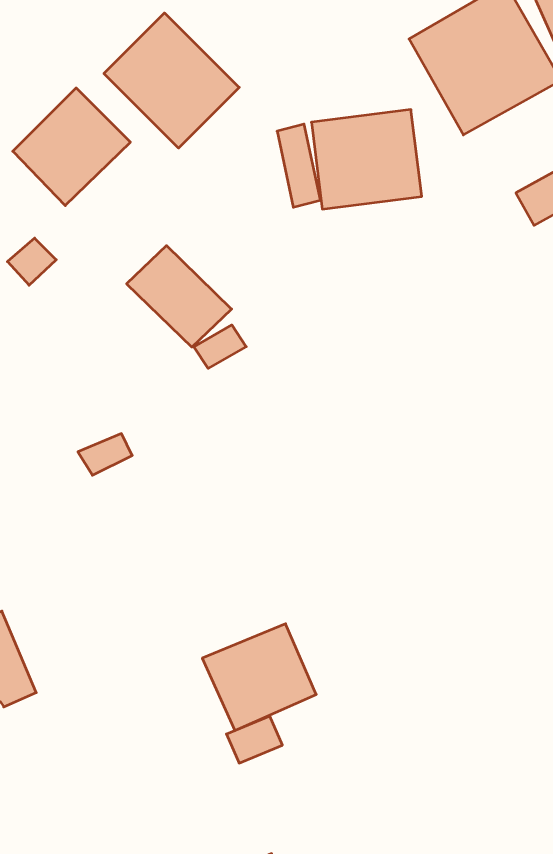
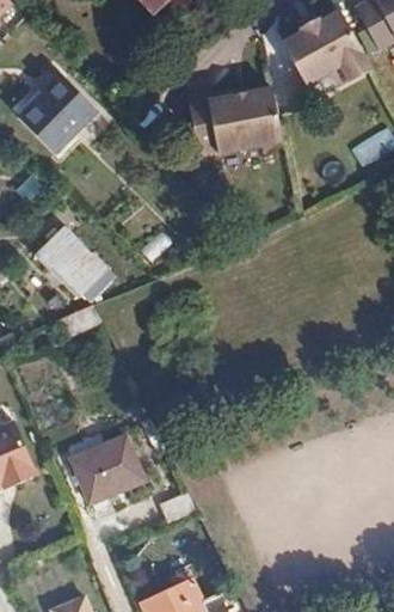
building: [104,13,239,148] -> none
building: [127,246,232,347] -> [35,226,104,293]
building: [202,624,316,731] -> [67,433,142,503]

